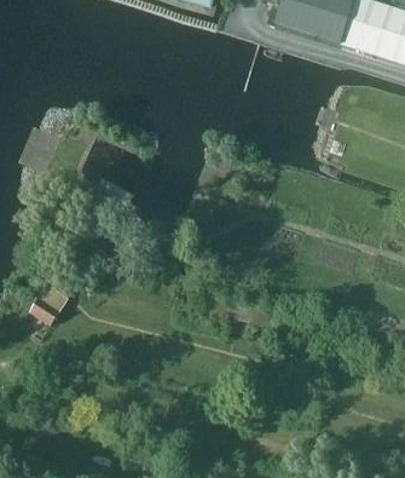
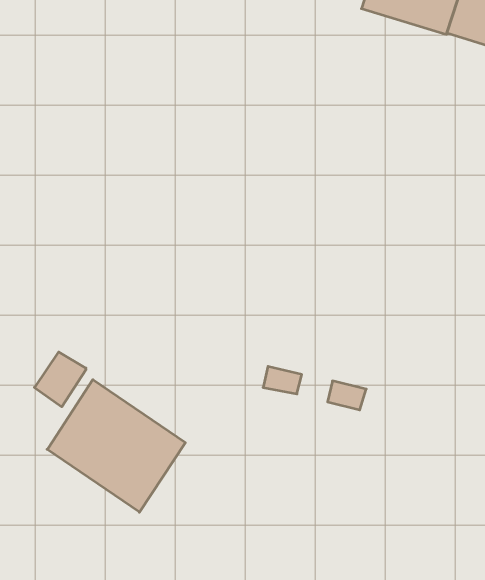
building: none -> [47,380,185,512]

